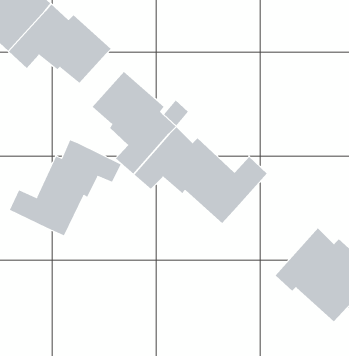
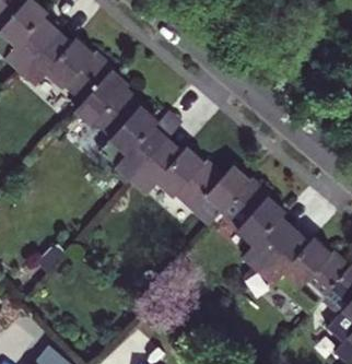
building: none -> [78,73,121,120]
building: [9,139,122,236] -> none
building: none -> [222,179,294,270]

